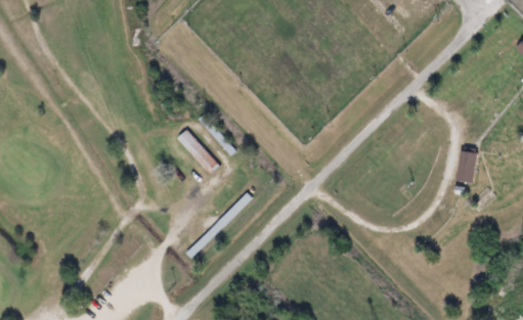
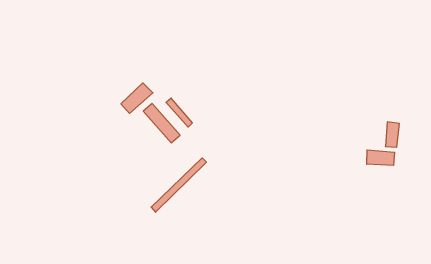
building: none -> [121,83,153,113]
building: none -> [367,150,394,165]

